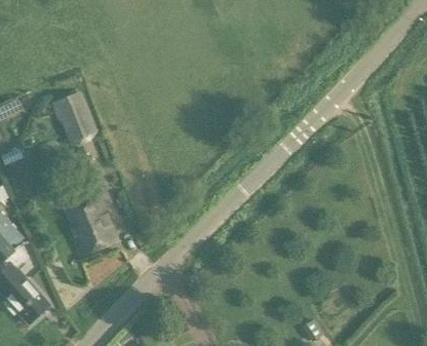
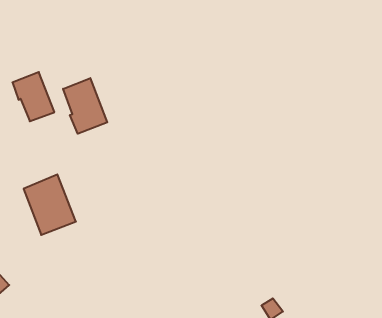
building: none -> [63,78,107,134]

